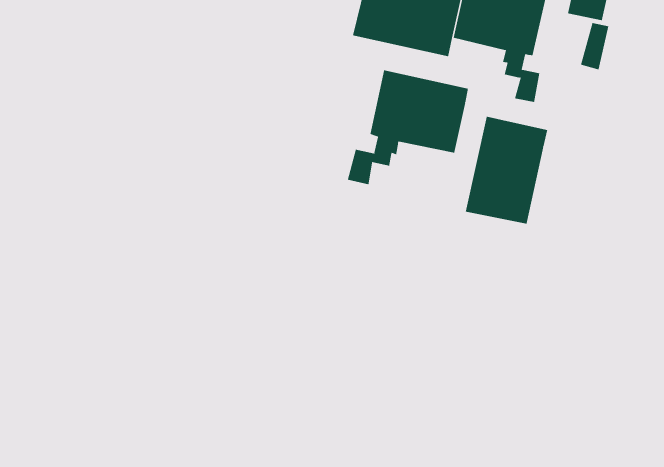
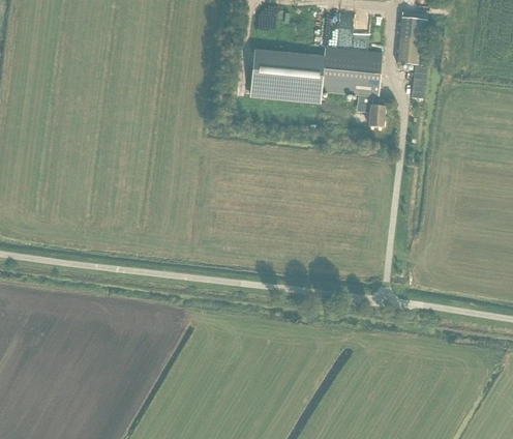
building: [347,69,469,185] -> none
building: [465,116,548,224] -> none

